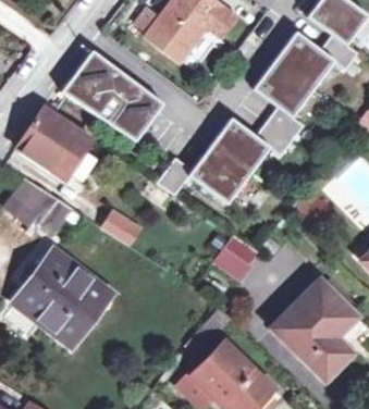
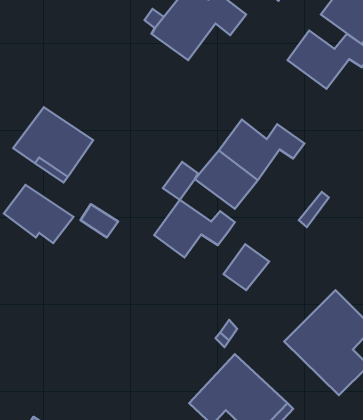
building: [71,52,163,133] -> none
building: [254,61,312,140] -> none
building: none -> [154,200,235,257]
building: [15,250,109,344] -> none

